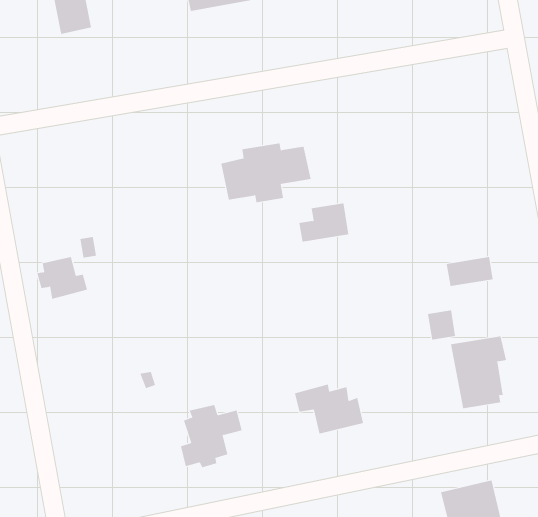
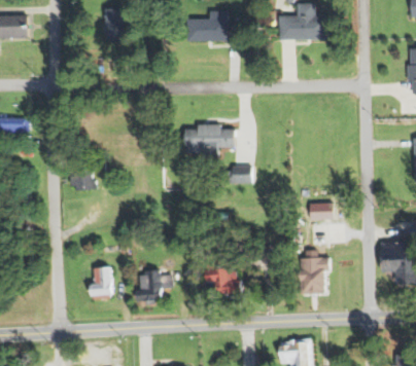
building: none -> [89,265,112,298]

